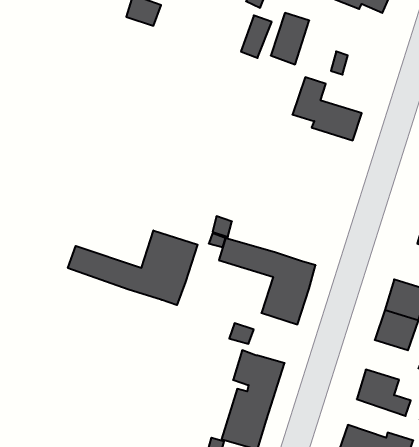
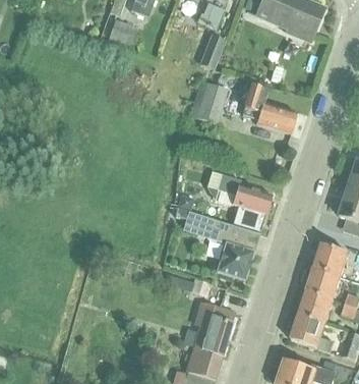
building: [271,13,309,64] -> [196,84,227,124]
building: none -> [207,172,270,229]
building: [68,230,198,305] -> none
building: none -> [298,292,332,324]

